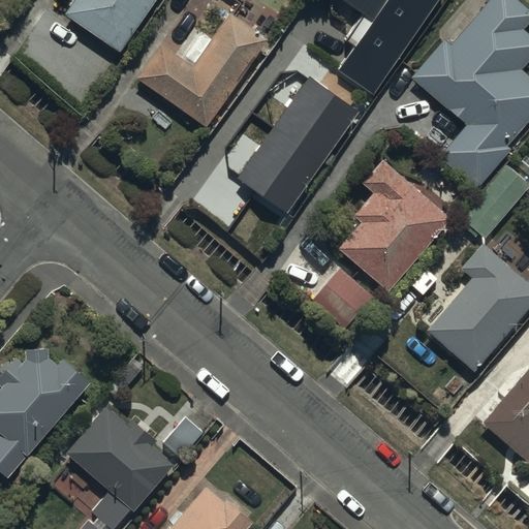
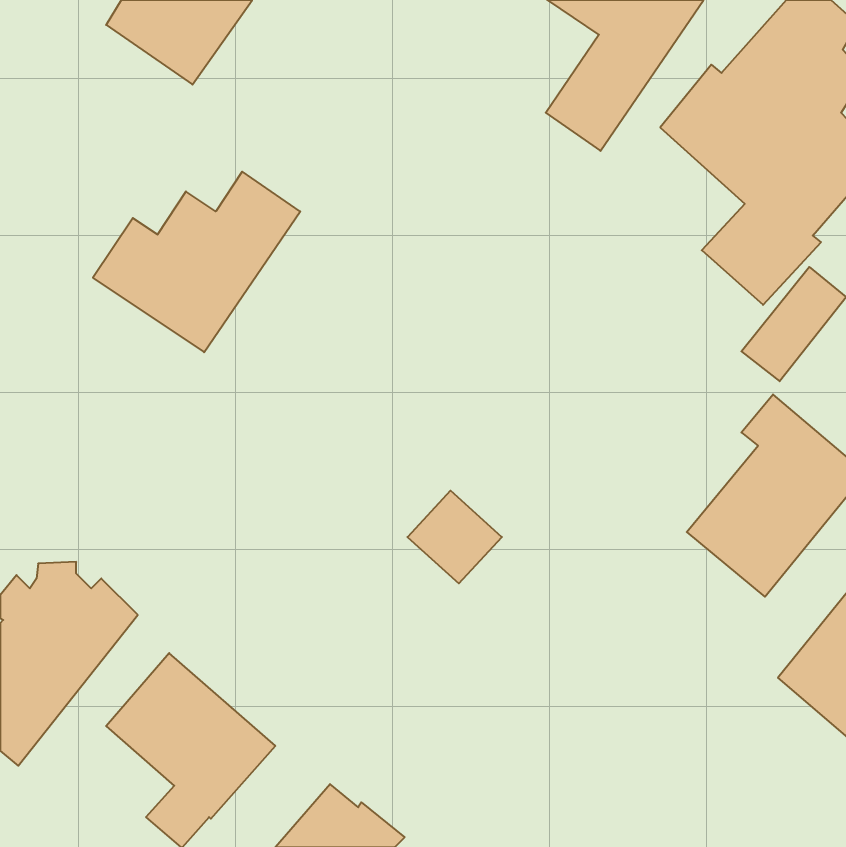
building: [136,15,266,128] -> [93,172,300,352]
building: [238,75,356,213] -> none
building: [339,162,447,289] -> none
building: [315,270,374,328] -> [407,491,502,583]

